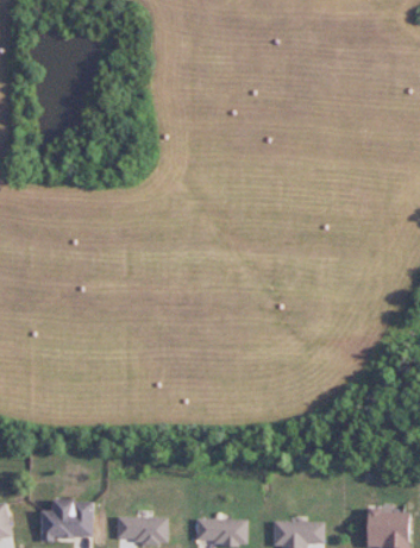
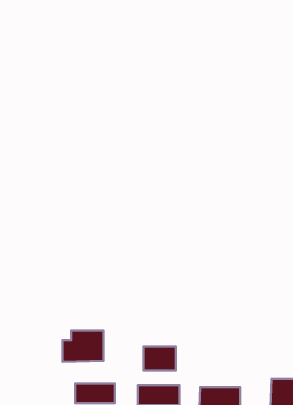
building: none -> [144,346,176,371]
building: [39,499,90,538] -> [63,331,103,362]

